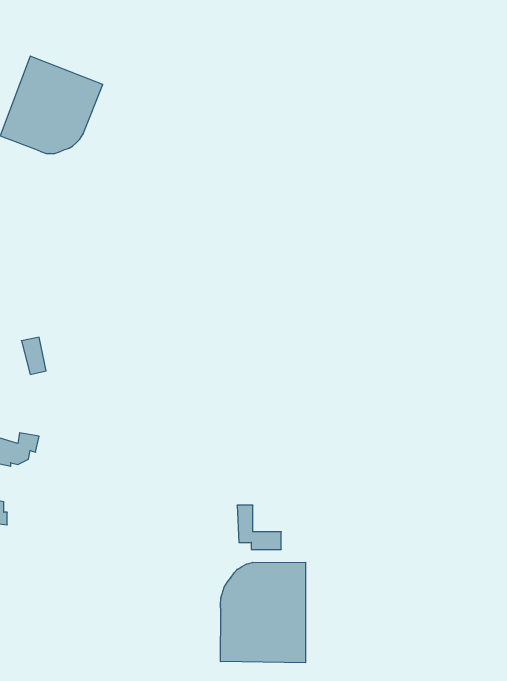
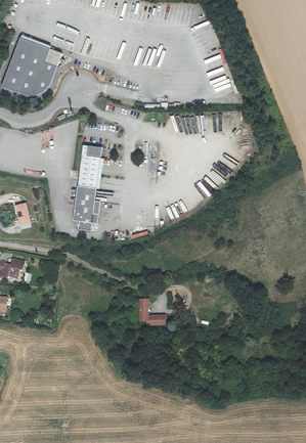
building: none -> [73,144,103,230]
building: [221,562,306,663] -> none

